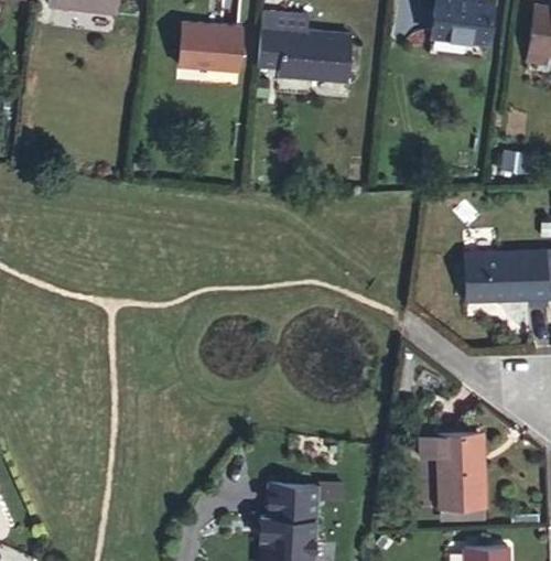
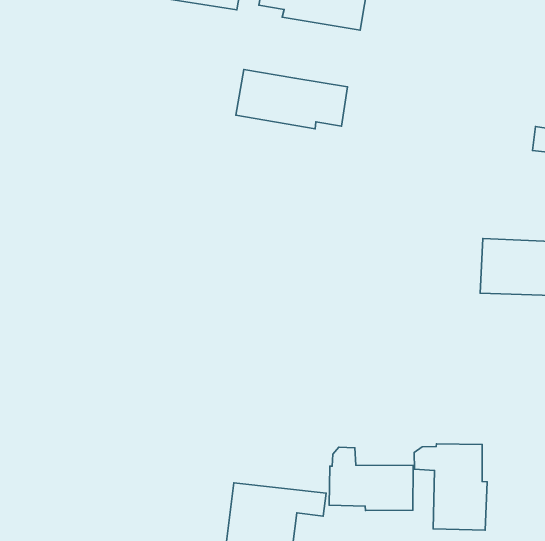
building: none -> [236,69,347,129]
building: none -> [329,447,413,511]

